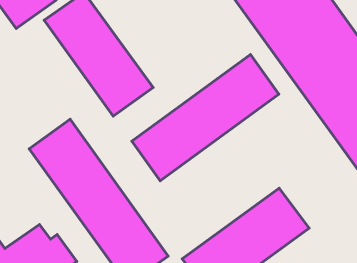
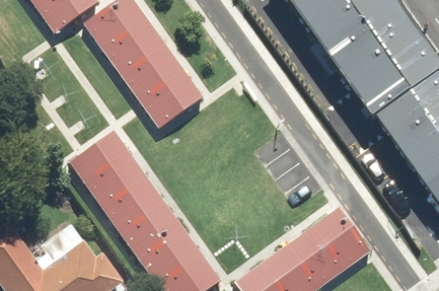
building: [132,54,279,181] -> none

